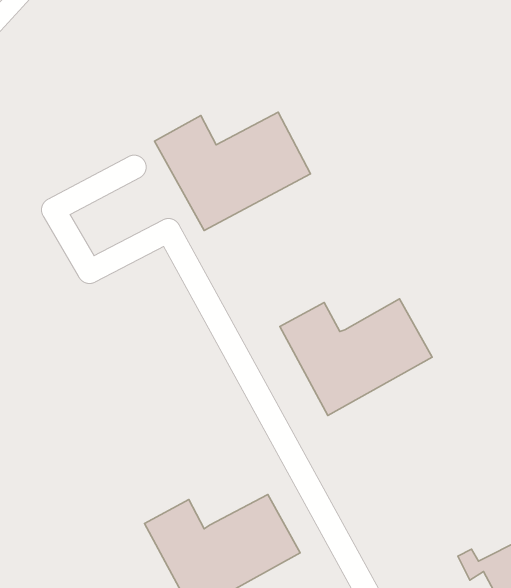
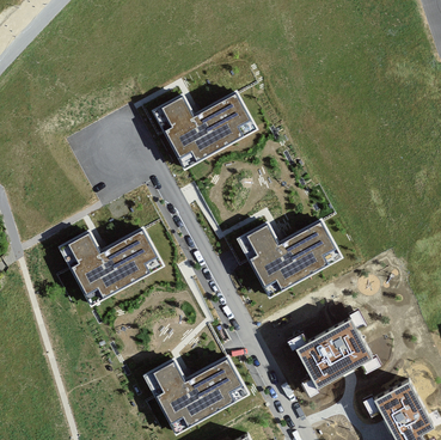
building: none -> [55,224,169,311]
building: none -> [282,307,380,397]

